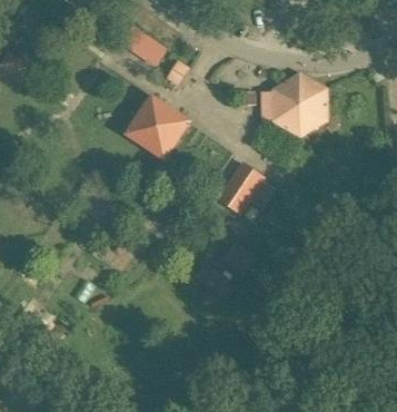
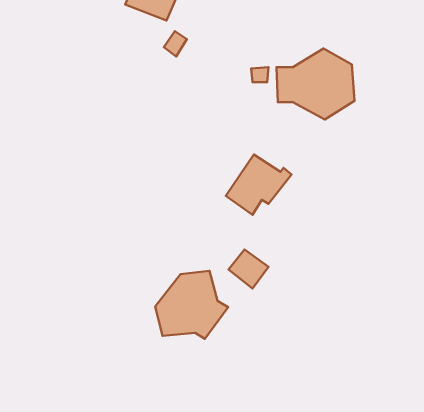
building: [126,96,188,158] -> none
building: none -> [155,271,228,339]

